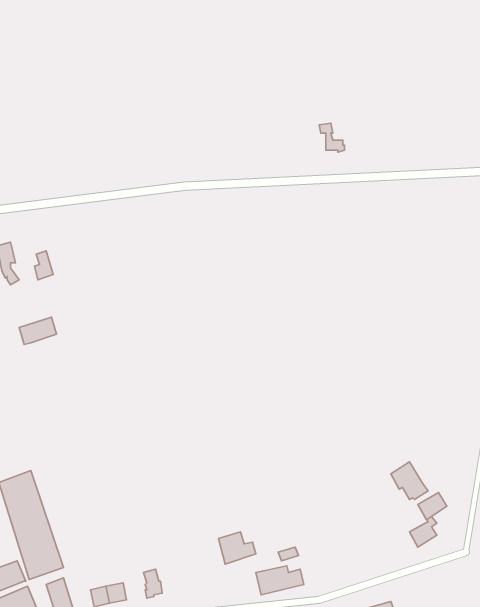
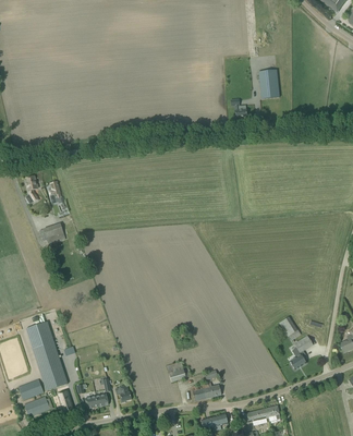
building: none -> [258,70,279,99]

